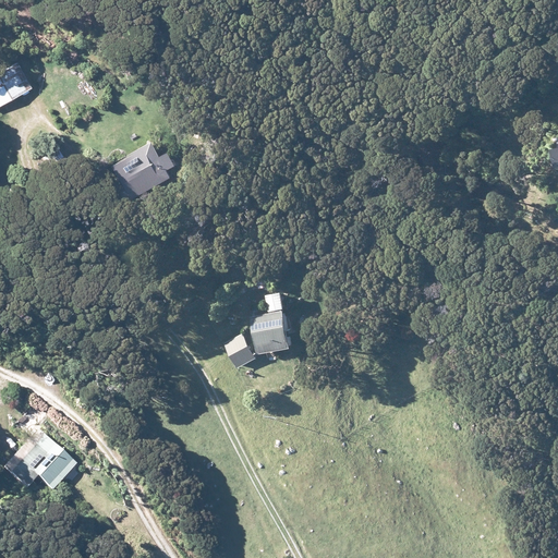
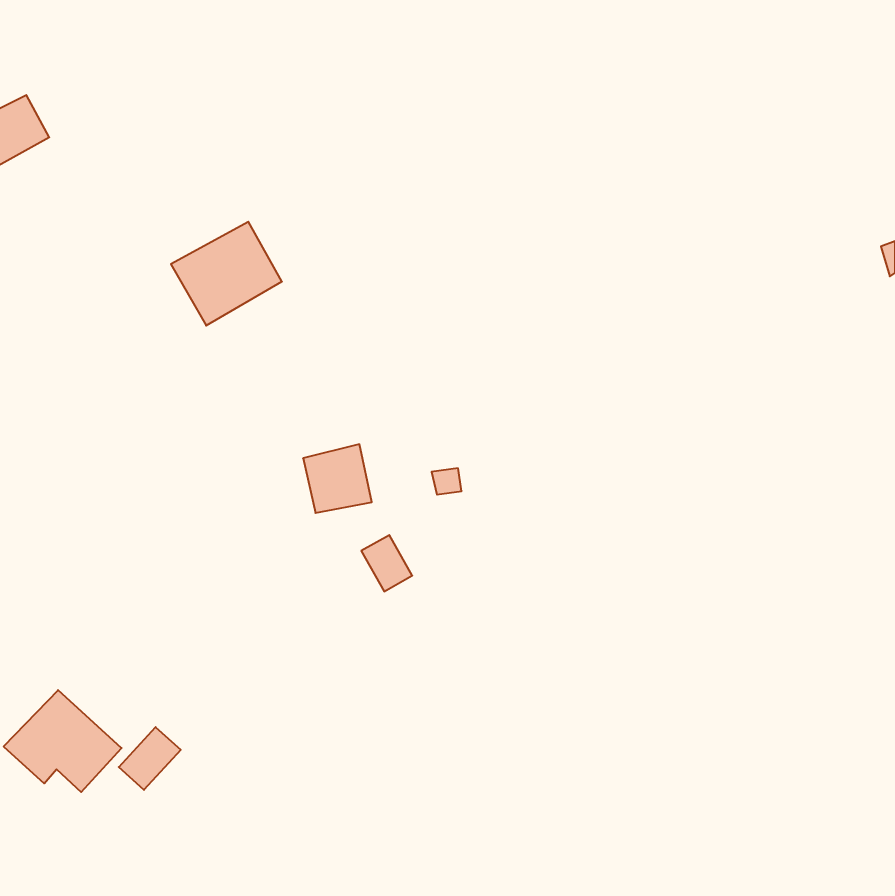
building: [251,310,293,352] -> [303,444,372,513]
building: none -> [119,727,181,790]

